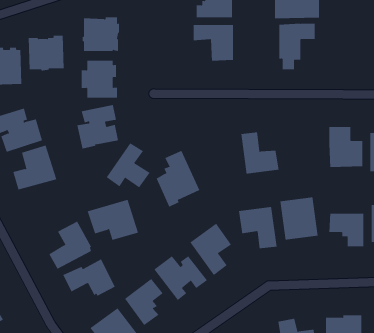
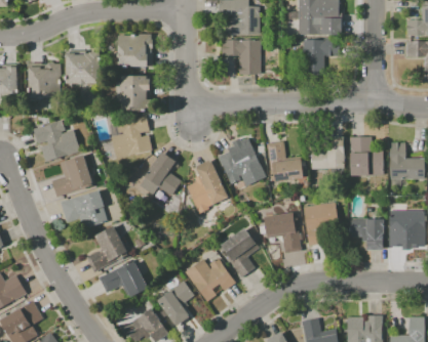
building: none -> [311,135,344,169]
building: none -> [218,137,266,186]
building: [87,199,139,241] -> [60,189,109,228]

